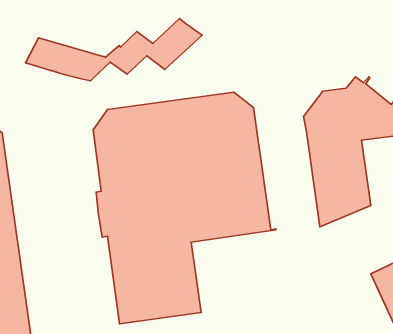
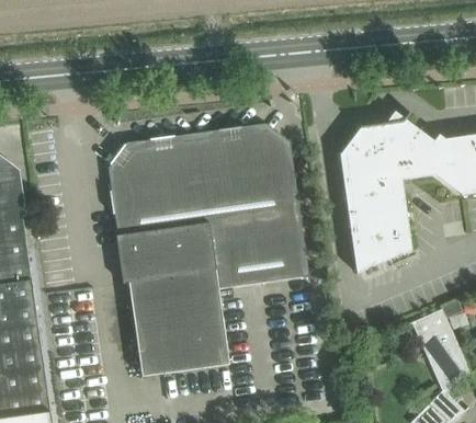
building: [26,18,202,81] -> none

